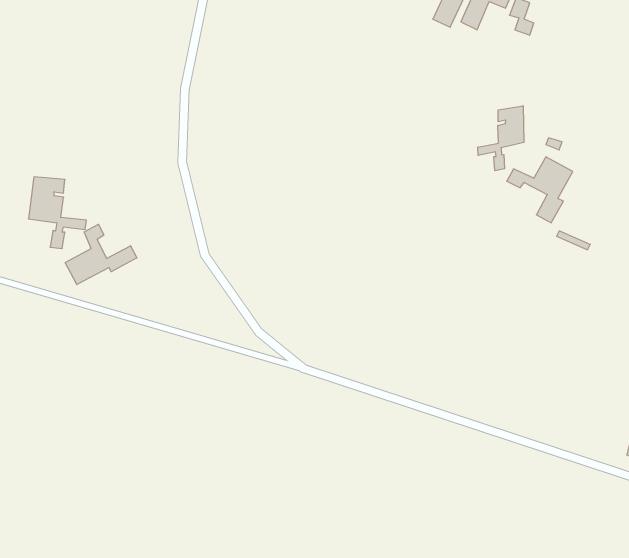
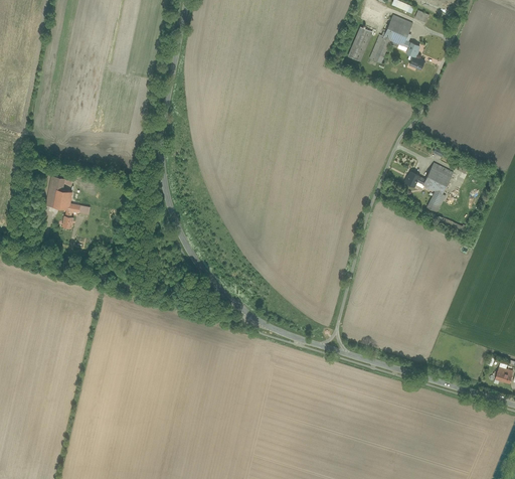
building: [478,106,524,171] -> none
building: [65,224,137,285] -> none

